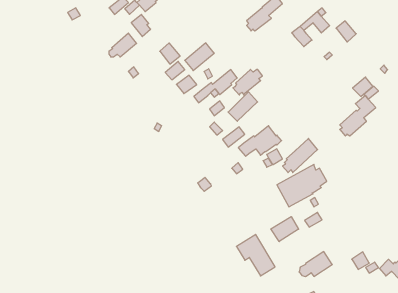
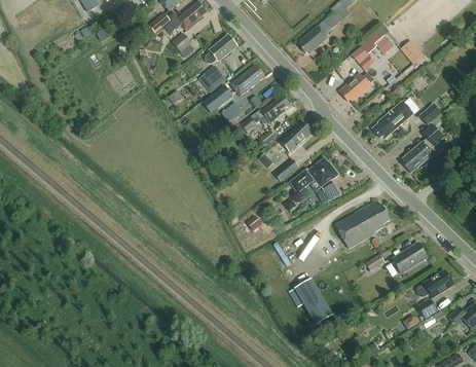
building: [109,33,137,57] -> [207,34,237,61]
building: [233,69,262,95] -> [340,73,373,102]
building: [283,138,318,173] -> [374,99,413,137]
building: none -> [392,243,427,272]
building: [271,217,299,242] -> none
building: [299,252,332,276] -> [416,269,453,297]

